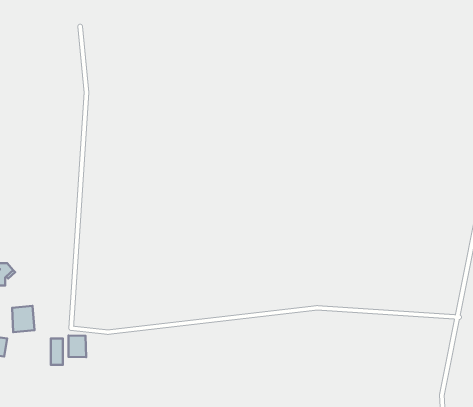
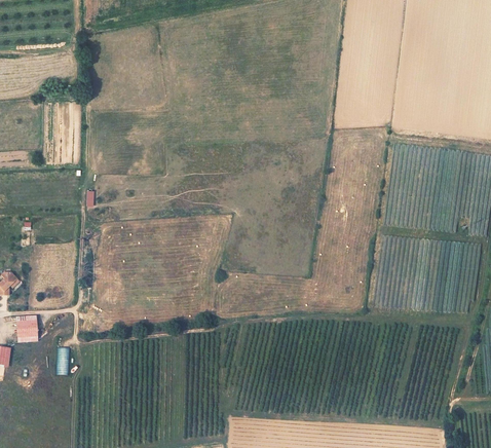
building: [69,335,86,357] -> none

